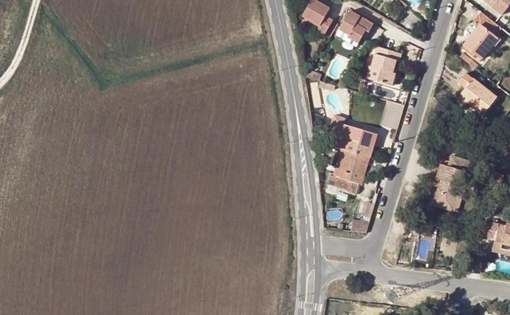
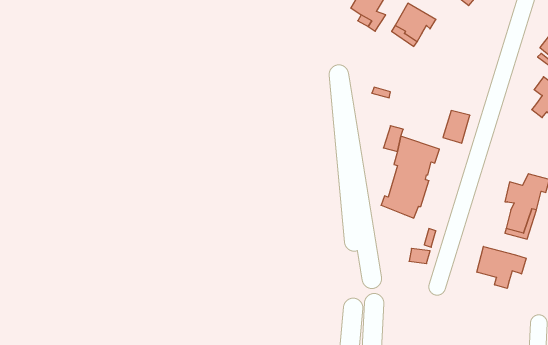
building: [367,47,401,85] -> none
building: none -> [477,246,526,288]

